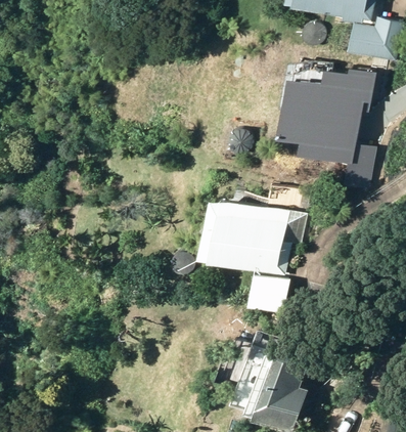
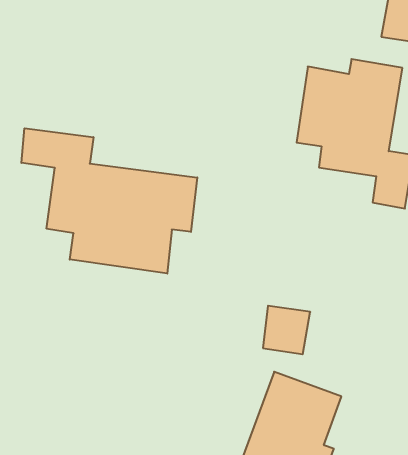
building: none -> [21,128,197,274]
building: [204,200,305,275] -> none

